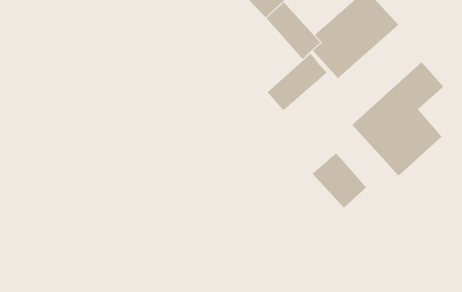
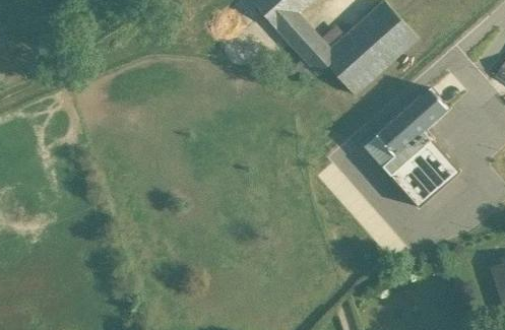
building: [267,53,327,111] -> none
building: [312,152,367,208] -> none

